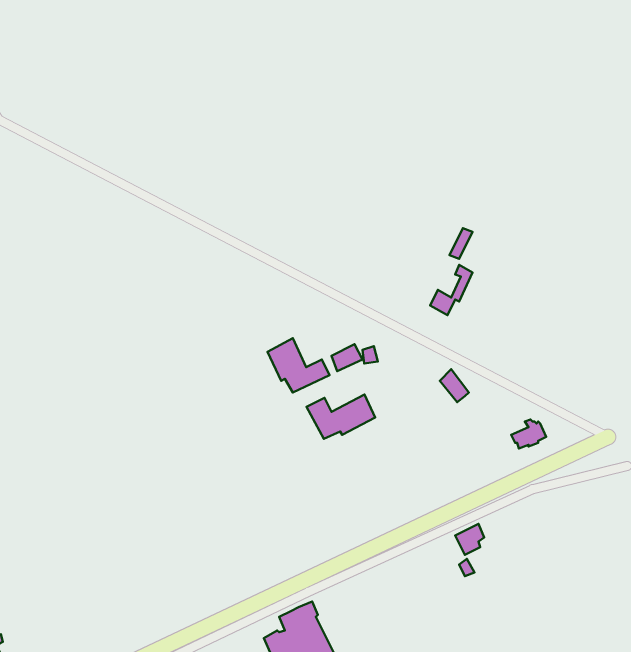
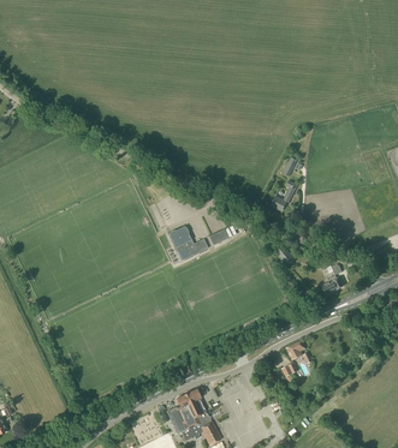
building: [307,394,375,439] -> none

